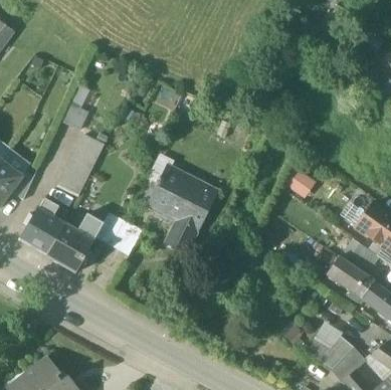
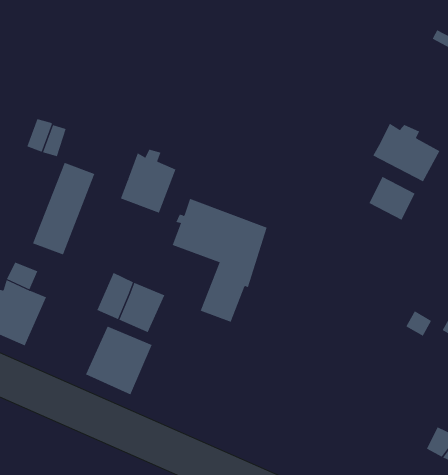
building: none -> [372,123,440,182]
building: none -> [120,149,176,213]
building: [45,223,92,271] -> [85,326,153,395]

